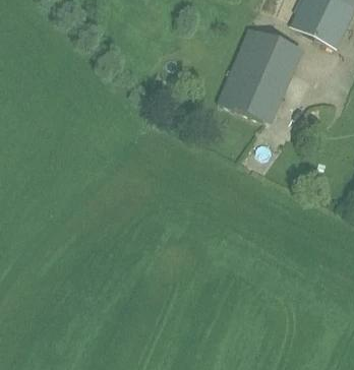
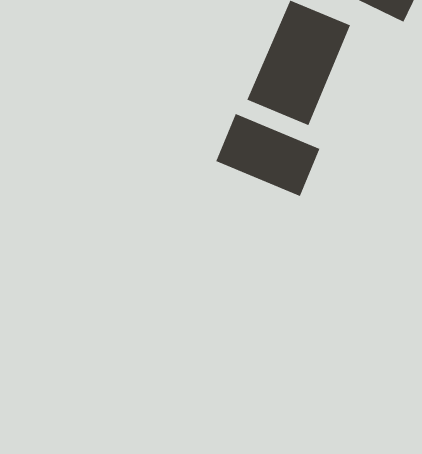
building: none -> [216,113,320,197]

